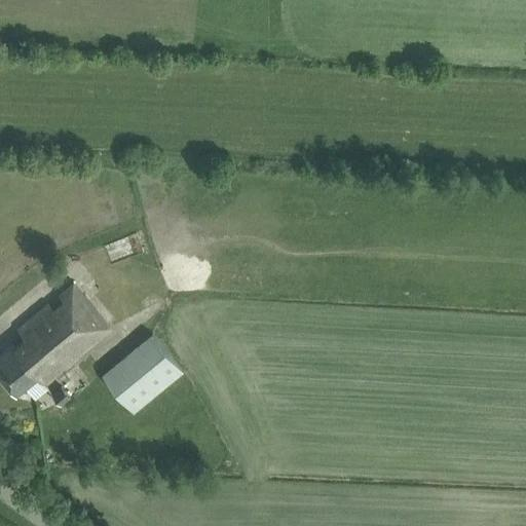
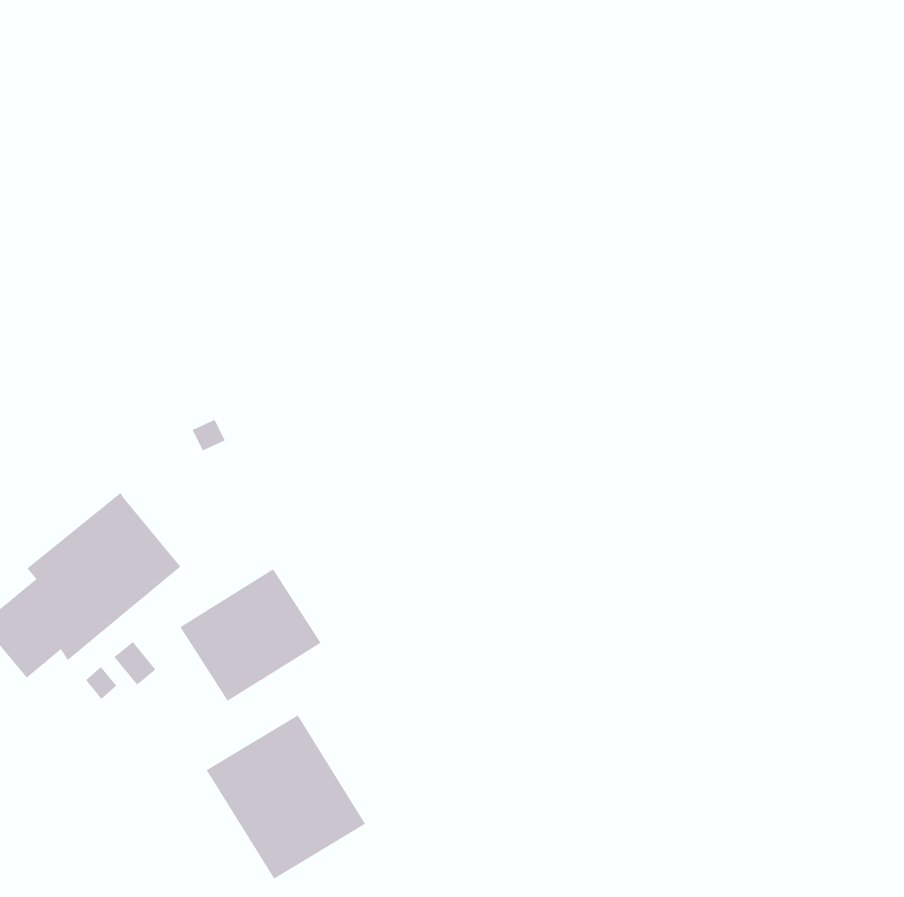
building: none -> [206,714,366,880]

